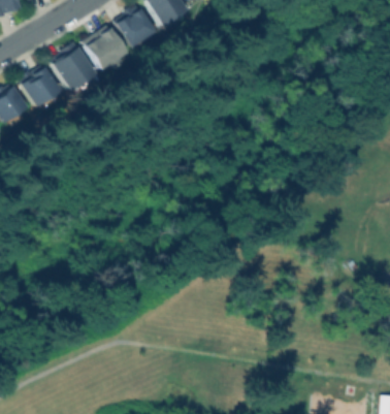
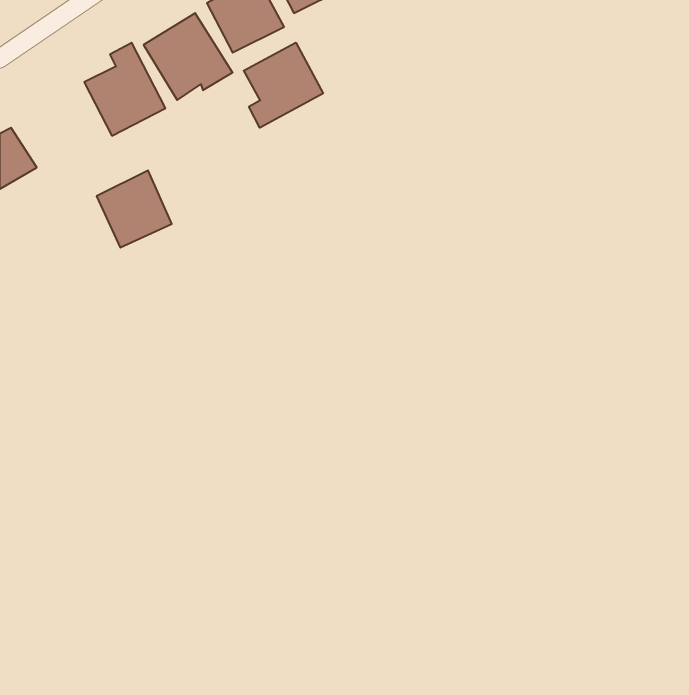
building: none -> [244,43,323,128]
building: [20,66,59,106] -> [97,170,172,248]

